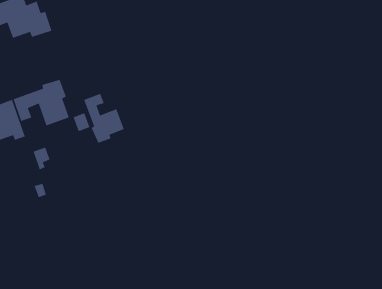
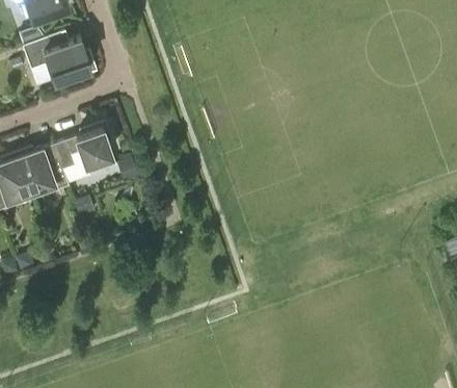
building: [83,88,125,144] -> none

